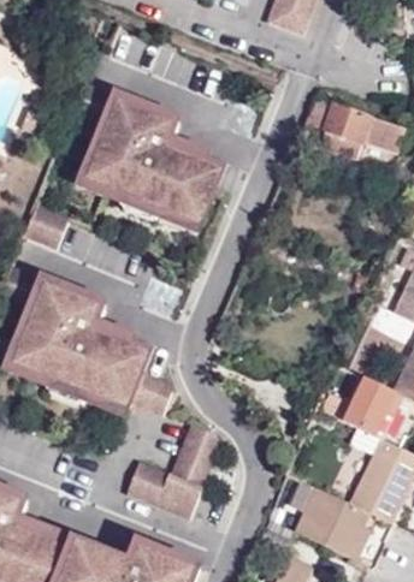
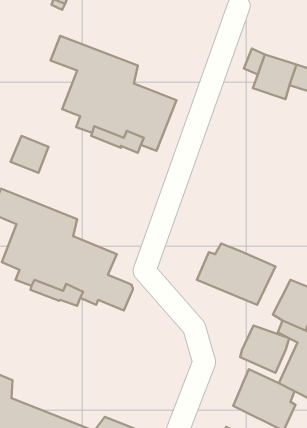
building: none -> [197,243,275,305]
building: [128,426,221,519] -> none
building: none -> [240,325,289,373]

